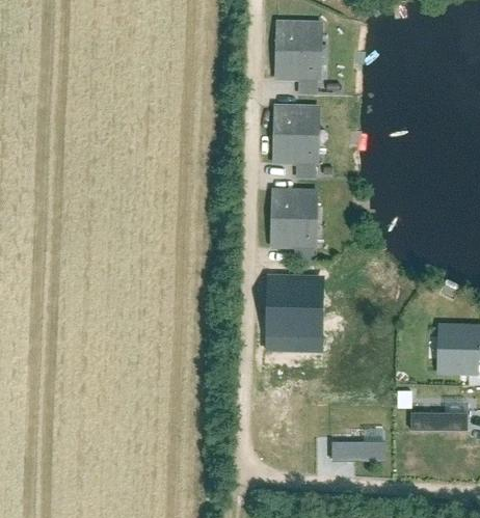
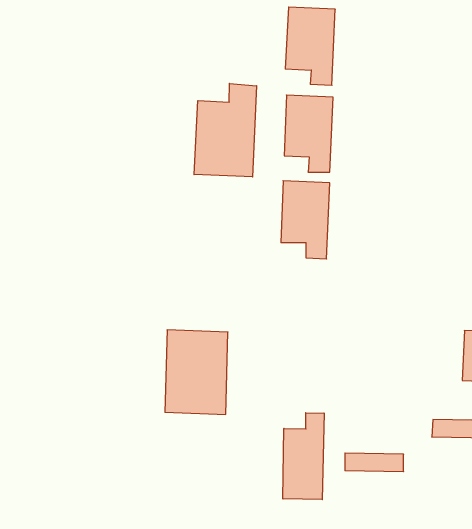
building: none -> [194,83,257,177]
building: [266,281,326,362] -> [165,330,228,414]
building: none -> [283,413,324,500]

